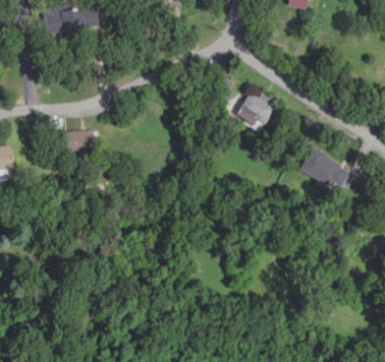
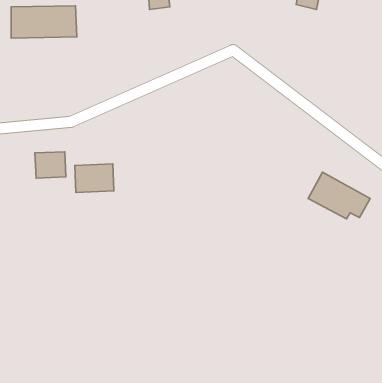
building: [235,93,276,131] -> none
building: none -> [75,164,114,192]

